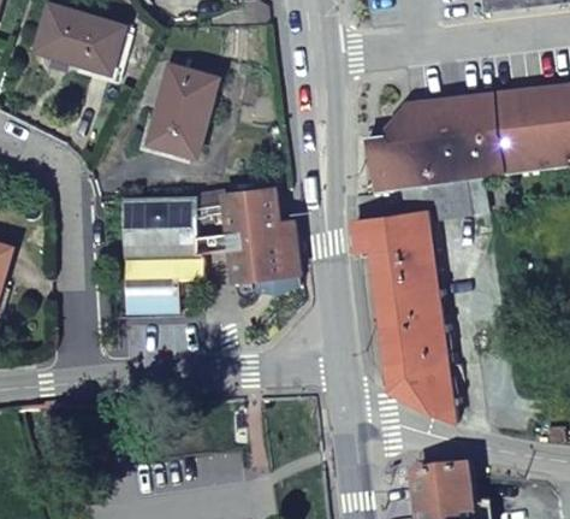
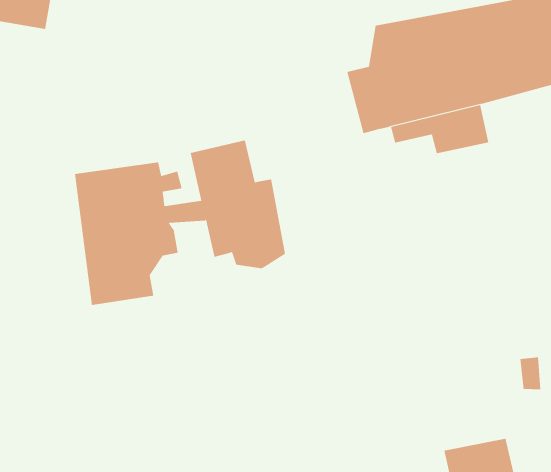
building: [150,64,216,154] -> none
building: [354,210,459,419] -> none

